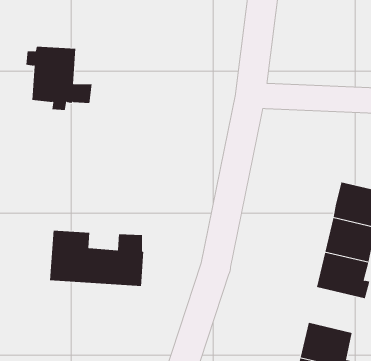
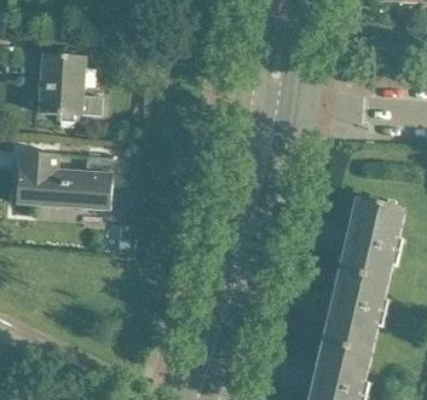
building: [49,230,144,286] -> [16,152,114,210]
building: none -> [324,305,383,353]

